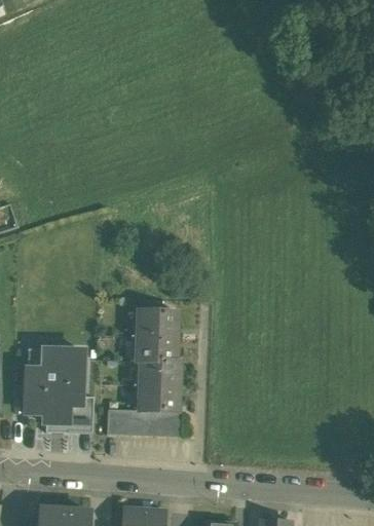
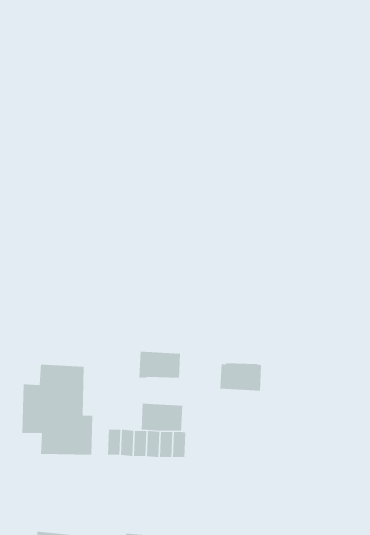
building: [137,308,177,336] -> none
building: [139,359,179,385] -> [220,363,262,391]

